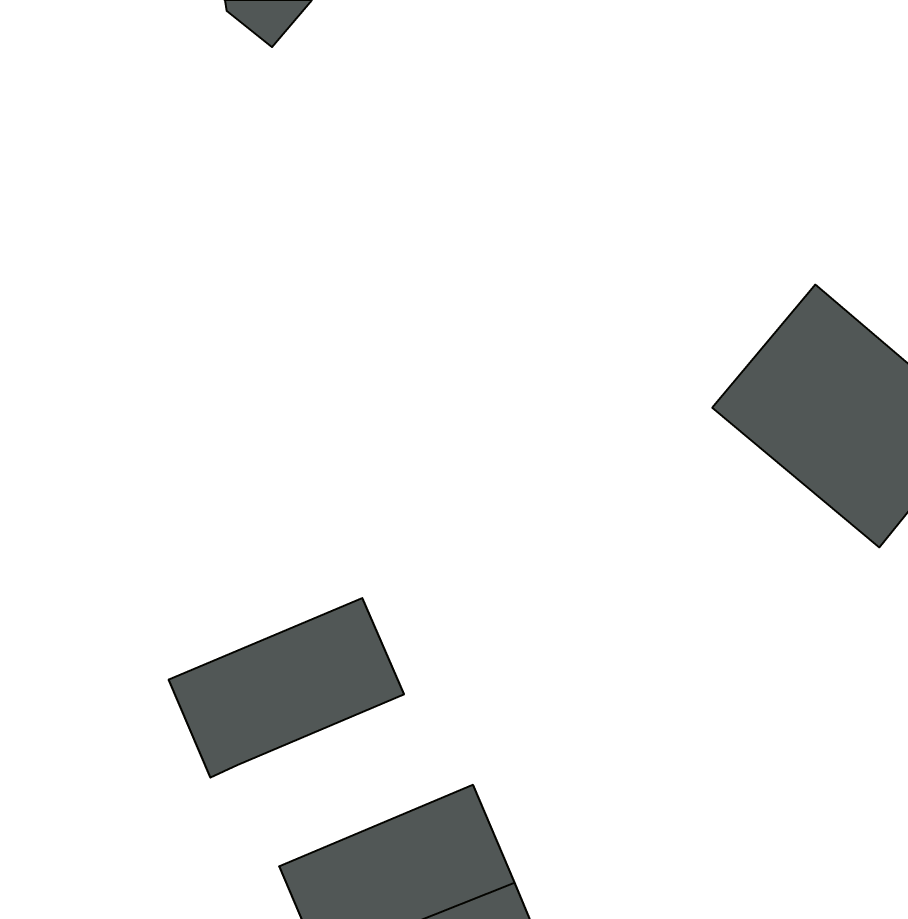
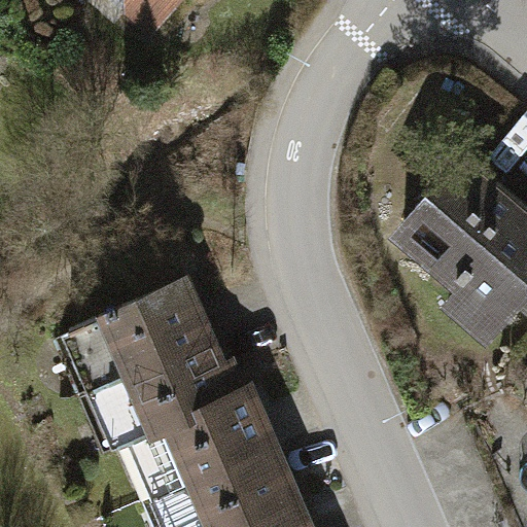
building: none -> [80,284,216,390]
building: none -> [145,392,279,496]

